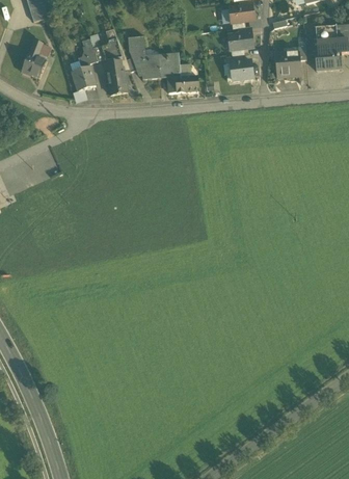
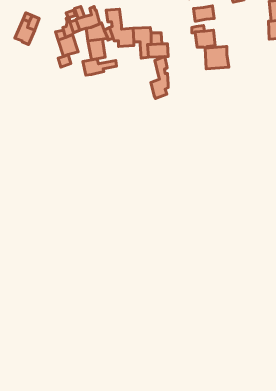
building: [275,51,302,77] -> [205,46,229,69]
building: none -> [151,56,168,99]
building: none -> [83,59,116,75]

